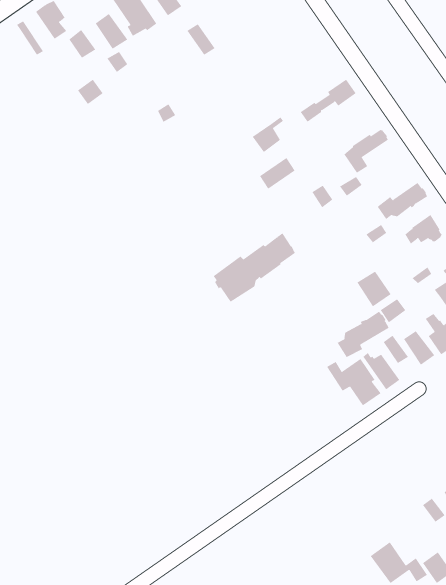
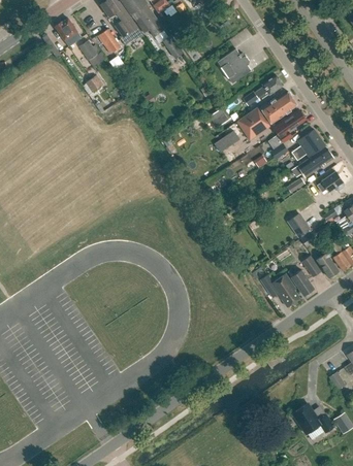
building: none -> [218,49,252,84]
building: none -> [291,130,325,161]
building: [213,233,296,302] -> [238,91,297,140]
building: [337,311,389,358] -> none

